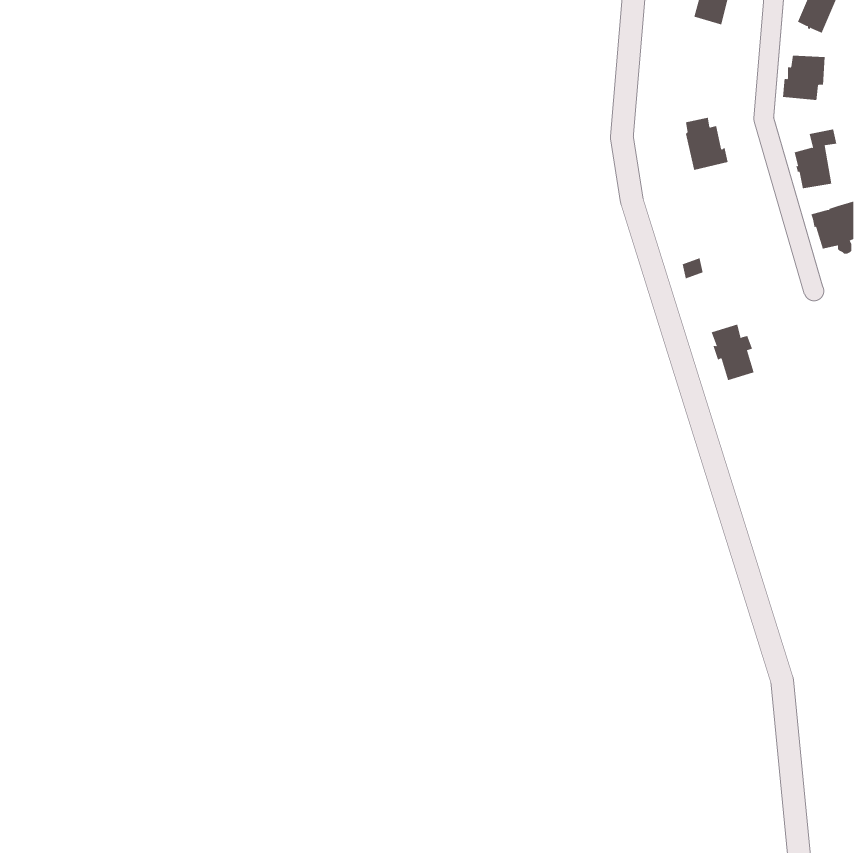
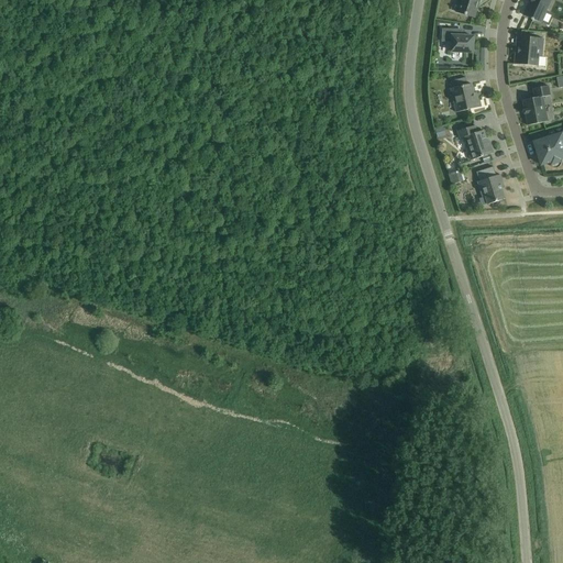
building: none -> [442,27,474,52]
building: none -> [457,124,494,159]
building: [711,324,754,381] -> [476,166,505,203]

